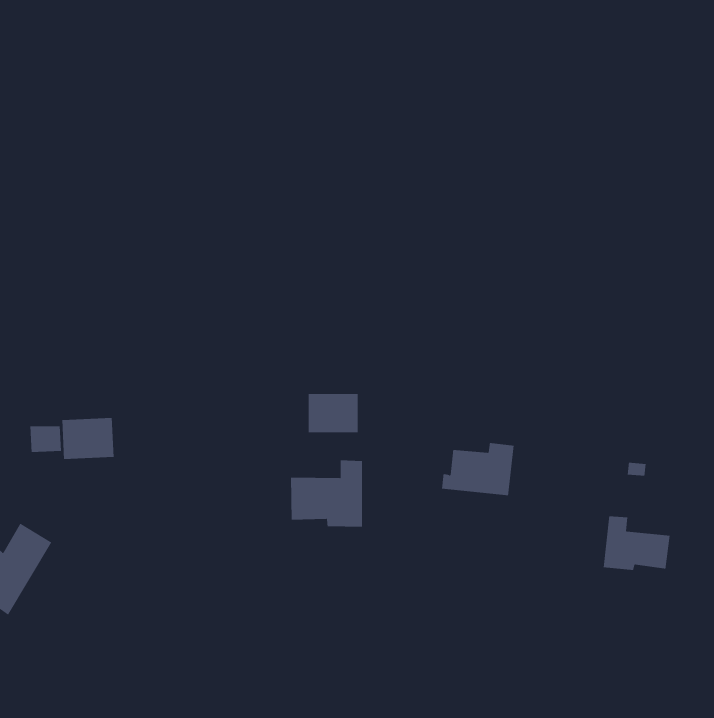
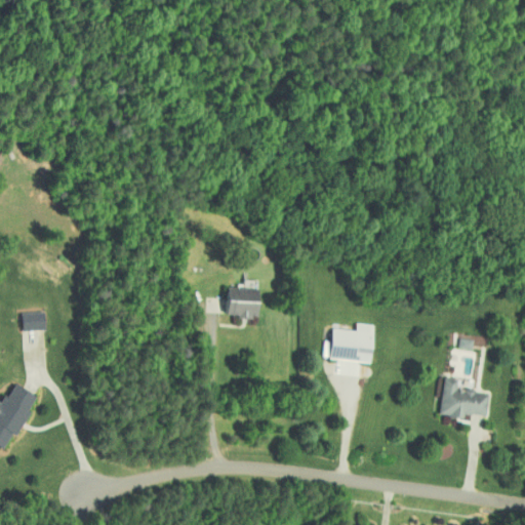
building: [62,417,114,460] -> none
building: [290,459,363,527] -> none

